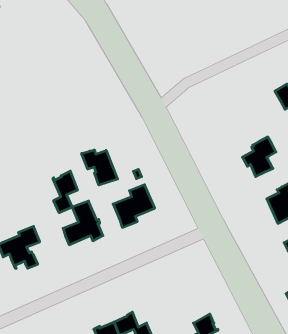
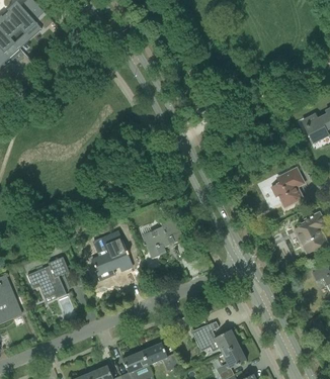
building: [82,150,118,185] -> none
building: [53,171,77,213] -> none
building: none -> [192,321,238,353]

